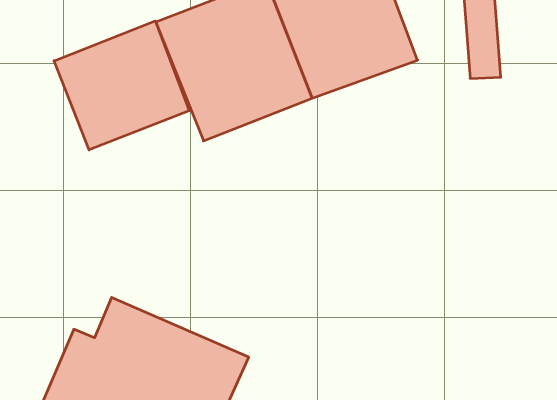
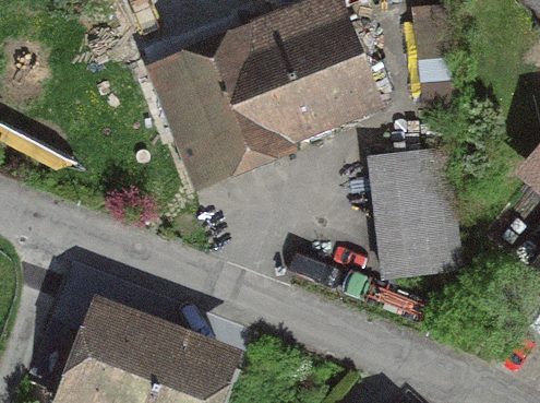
building: [54,21,189,150] -> none
building: none -> [375,153,459,274]

